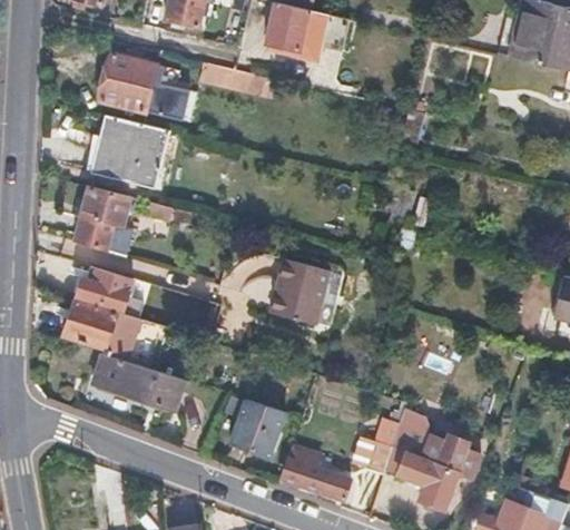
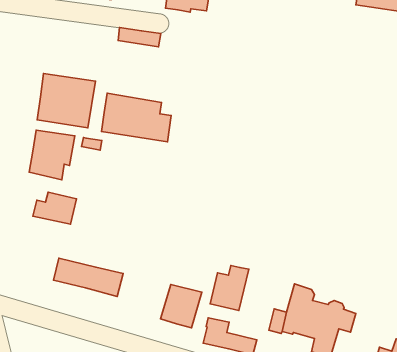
building: [100,51,191,120] -> [102,93,171,142]
building: [268,257,328,321] -> none
building: [65,302,153,370] -> none
building: none -> [210,265,249,311]

